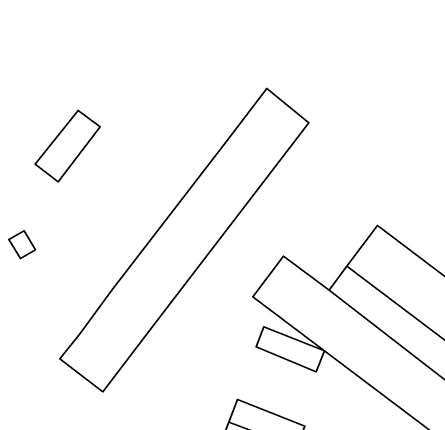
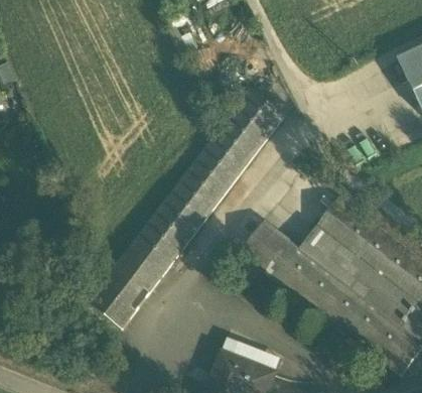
building: [35,111,100,182] -> none
building: [256,327,325,372] -> none

